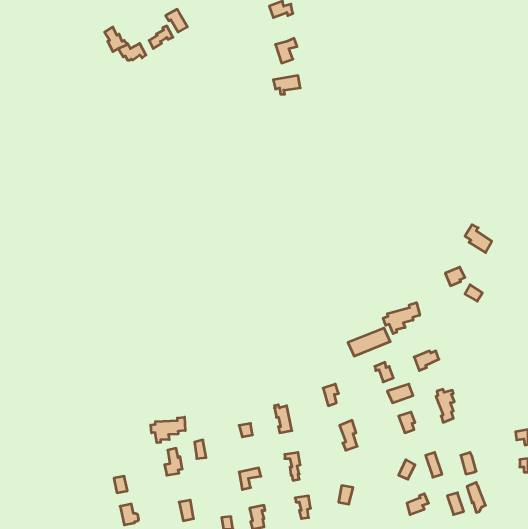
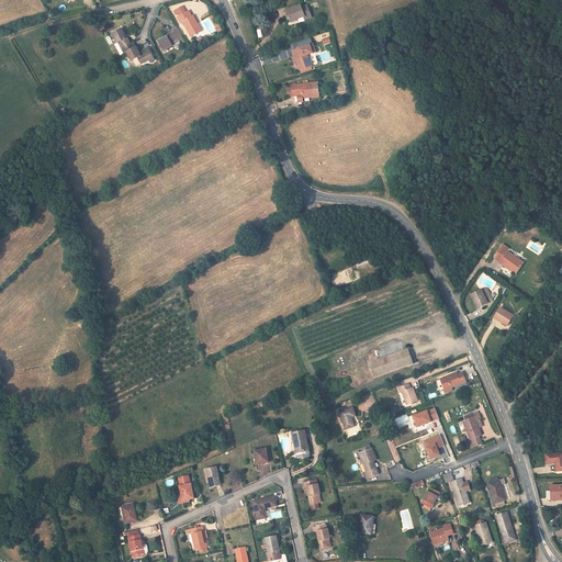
building: [383,303,420,334] -> none
building: [151,417,185,443] -> none

